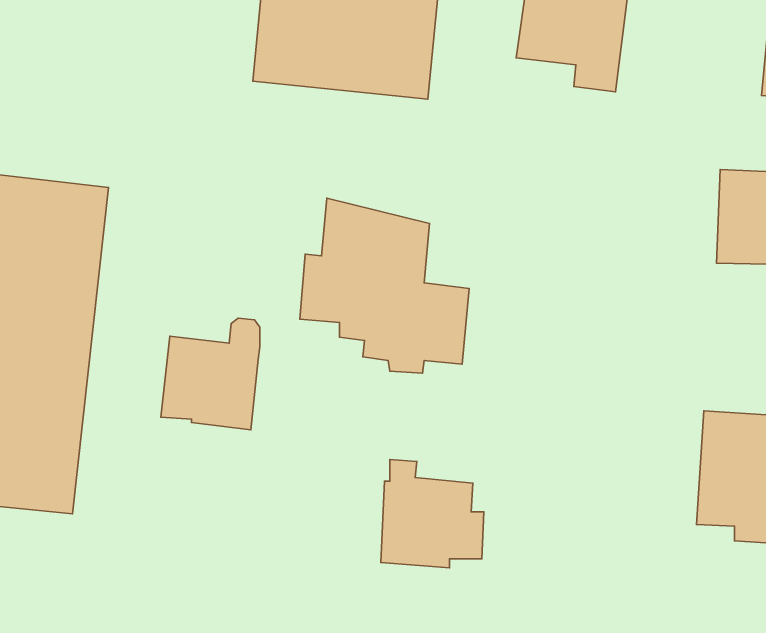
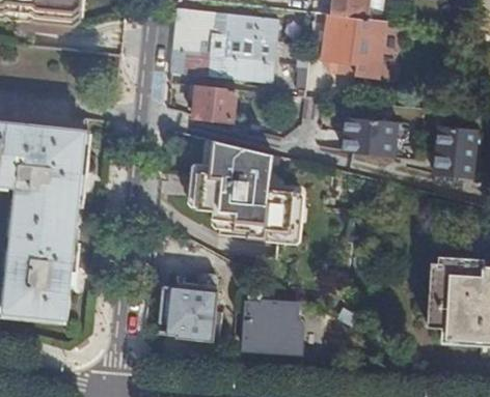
building: none -> [192,86,236,122]
building: none -> [345,115,406,154]
building: [161,318,260,430] -> [159,276,216,340]

